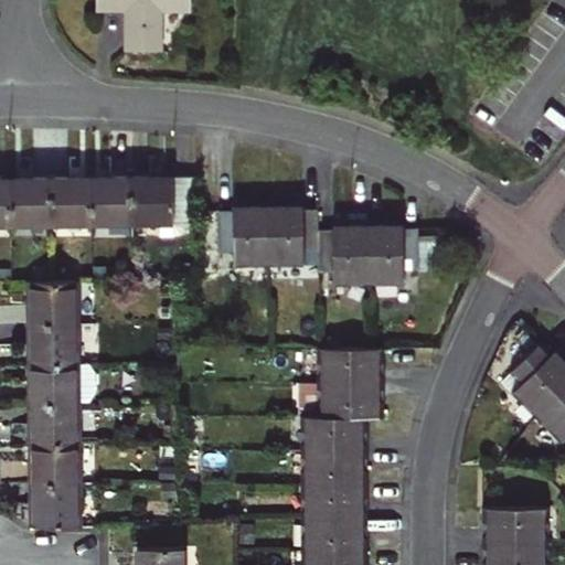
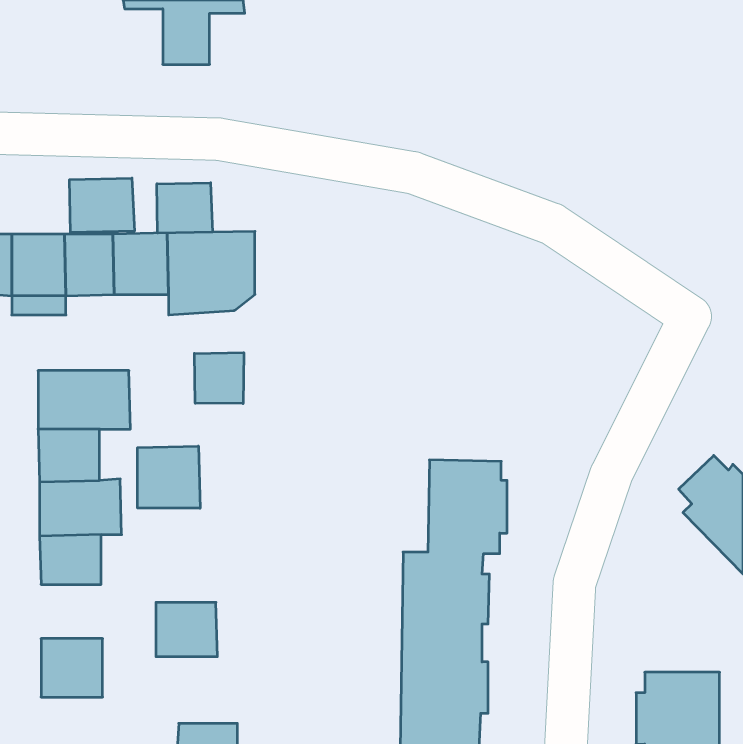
building: none -> [70,178,134,233]
building: none -> [157,183,212,233]
building: [214,206,416,284] -> none
building: none -> [194,353,244,404]
building: none -> [138,446,200,508]
building: [31,444,77,484] -> [156,602,217,657]

